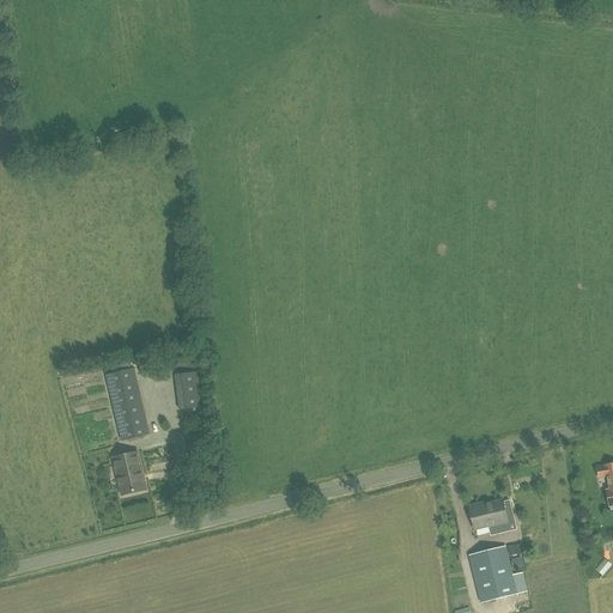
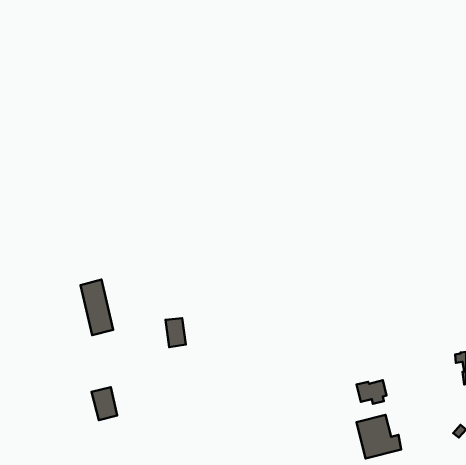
building: [174,370,200,408] -> [166,318,186,347]
building: [111,450,145,493] -> [92,387,117,420]

